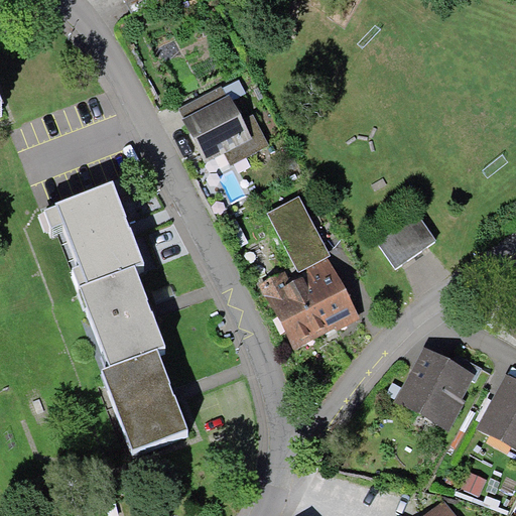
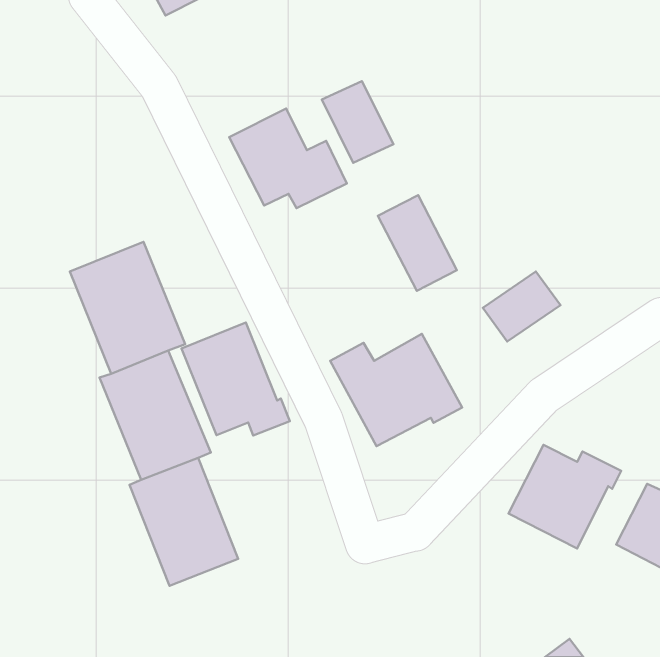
building: none -> [322,81,393,163]
building: [269,197,331,271] -> [378,195,457,291]
building: none -> [181,322,290,436]

